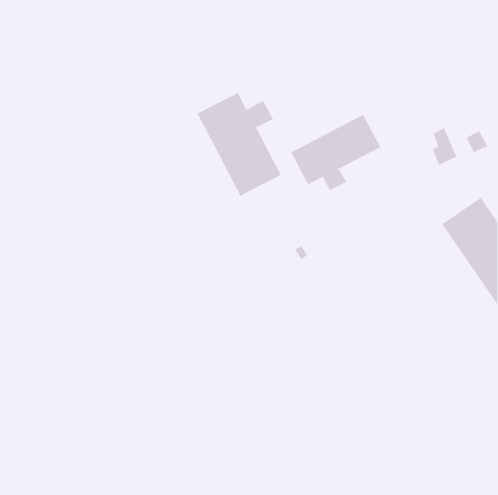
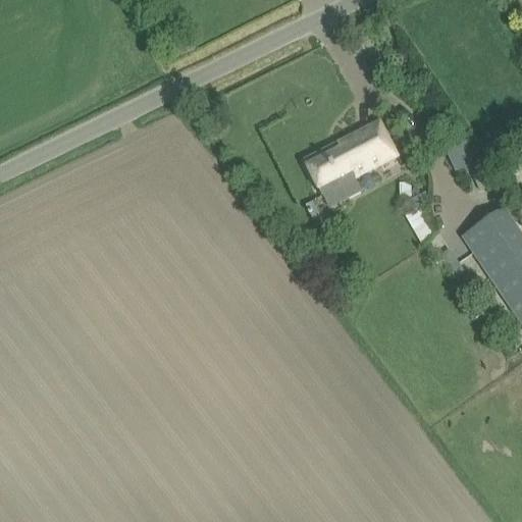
building: [197,92,281,196] -> none

